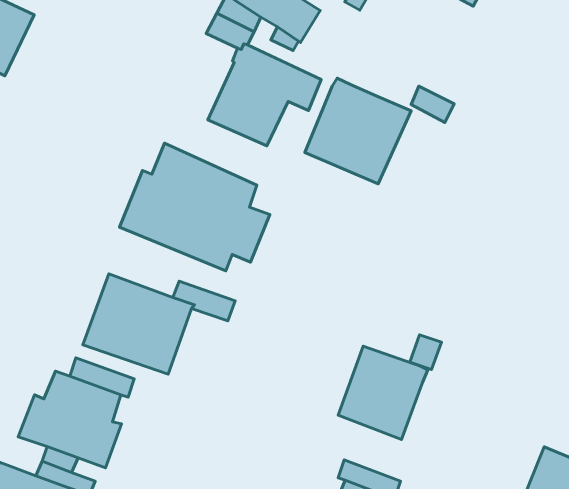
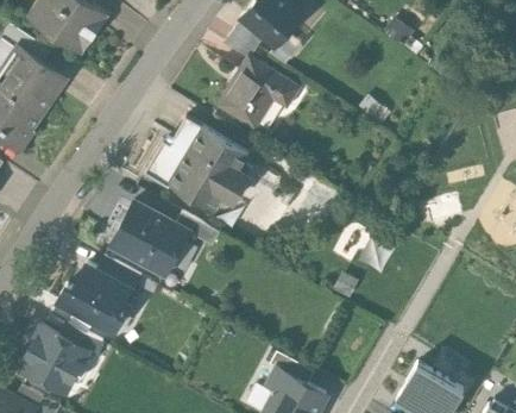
building: [305,78,411,184] -> none
building: [338,346,428,440] -> none

